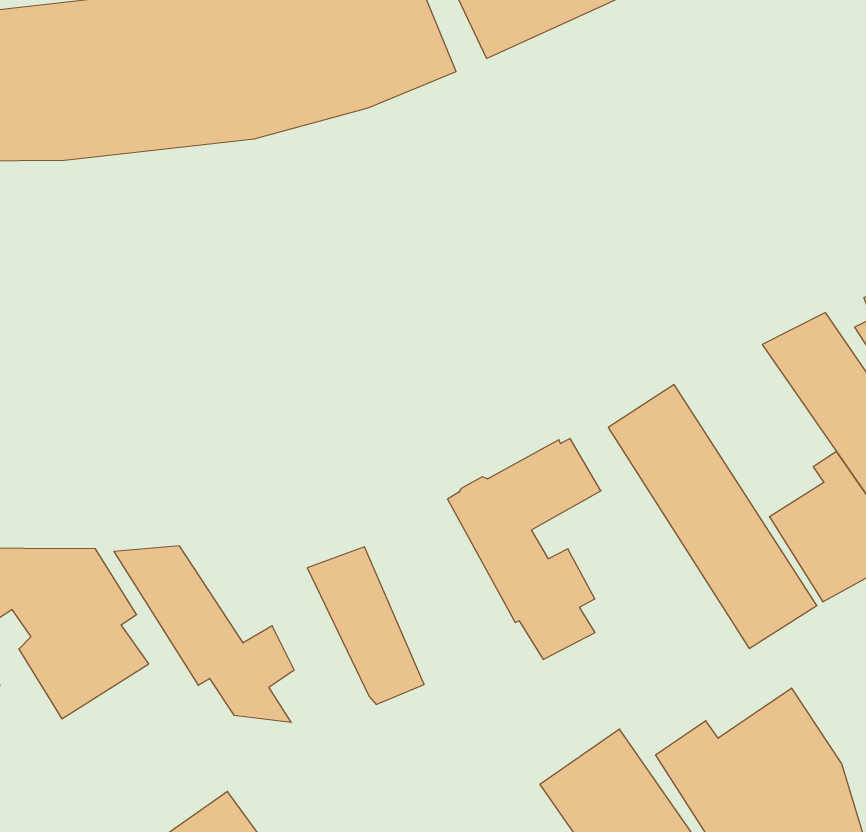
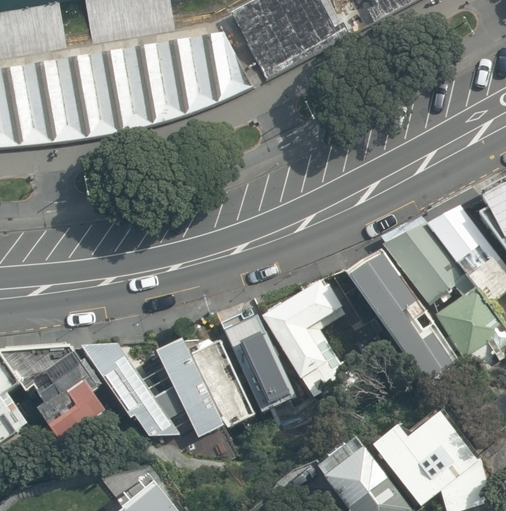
building: none -> [381,222,467,304]
building: none -> [220,311,293,412]
building: none -> [151,337,224,436]

